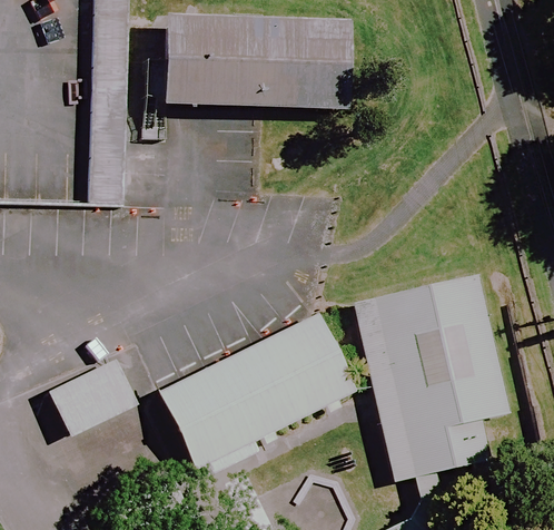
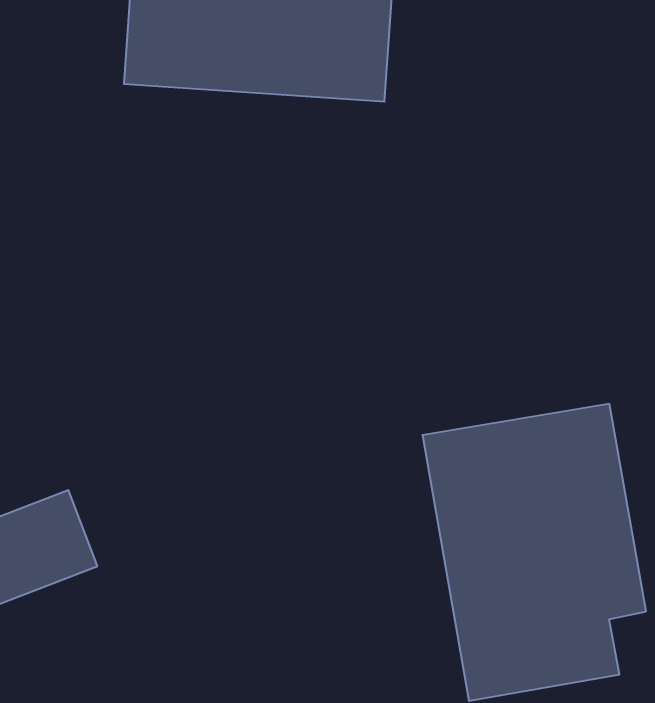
building: [160,314,358,470] -> none

